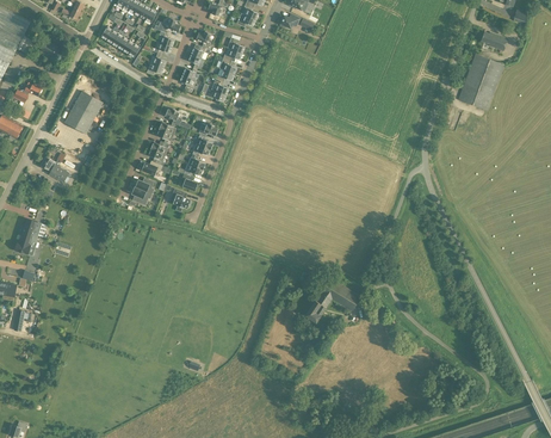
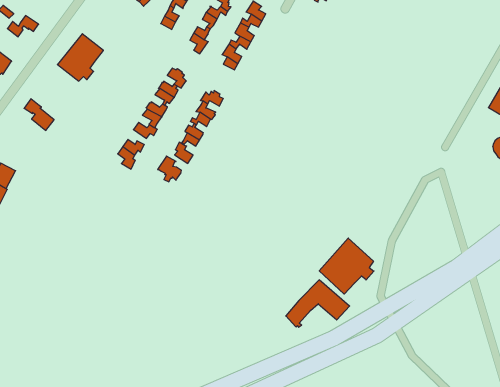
building: none -> [319,238,374,294]

